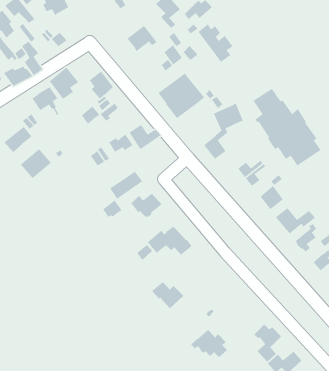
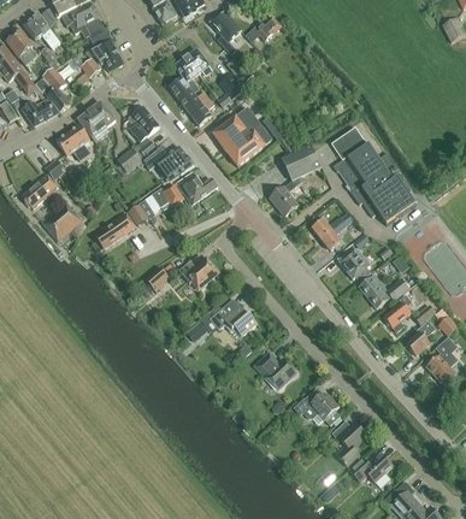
building: none -> [89,26,124,71]
building: [198,23,233,63] -> [170,76,214,125]
building: none -> [158,146,194,178]
building: [109,171,143,200] -> [94,212,136,248]
building: [151,281,184,309] -> [255,353,296,388]
building: [190,329,228,358] -> [294,388,341,424]

